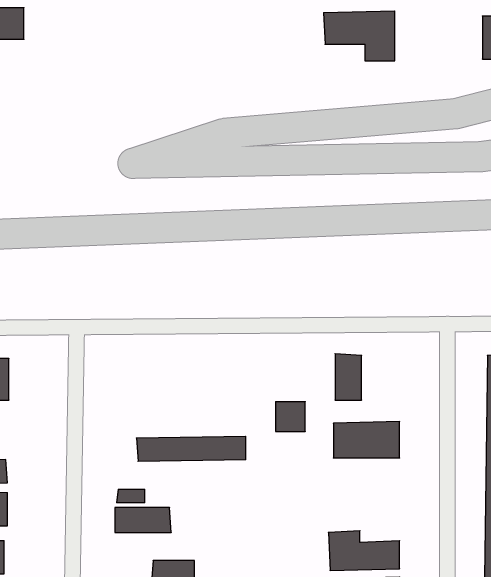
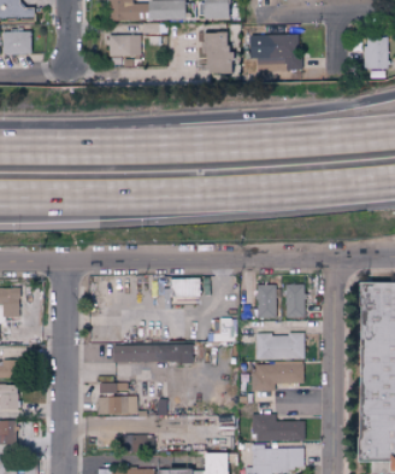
building: none -> [202,33,229,74]
building: none -> [107,35,140,55]
building: none -> [172,277,202,295]
building: none -> [285,283,305,317]
building: none -> [252,363,303,392]

